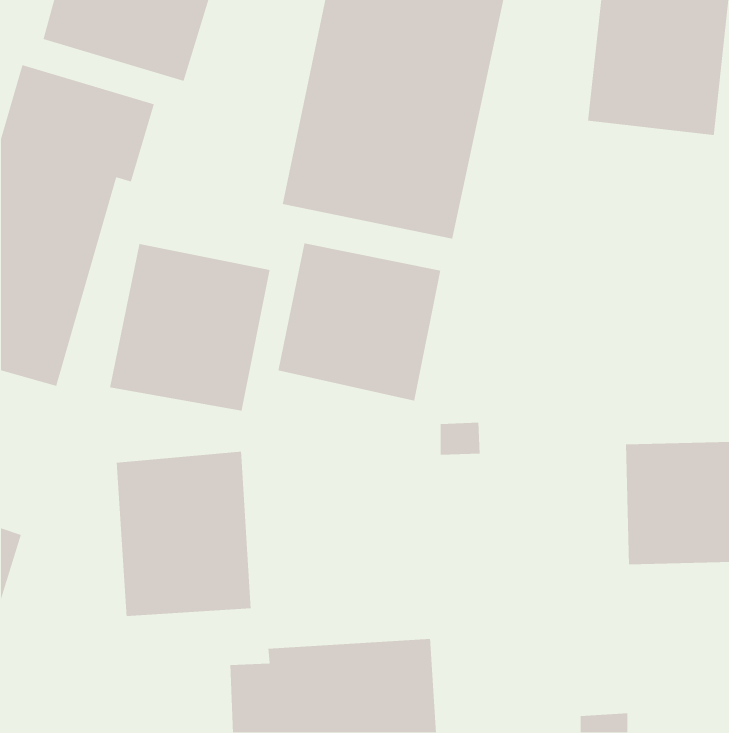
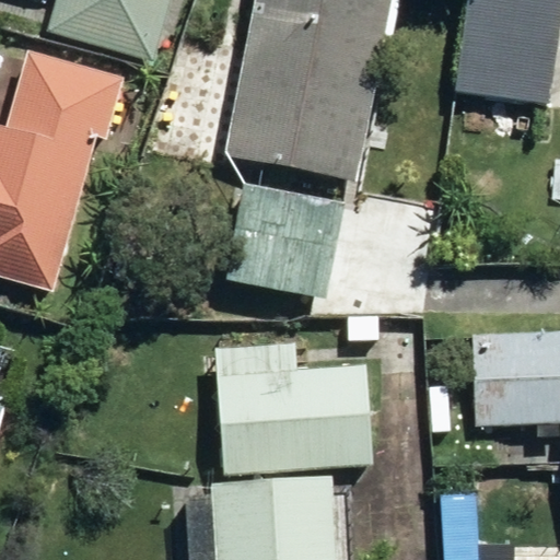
building: [109,243,270,411] -> none
building: [116,451,251,617] -> none
building: none -> [214,346,373,474]

